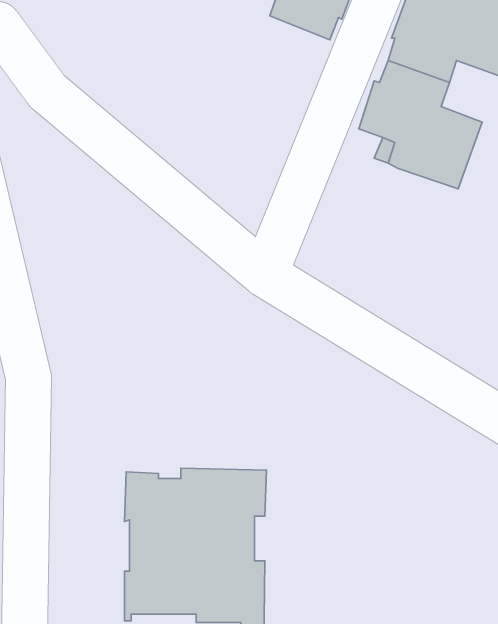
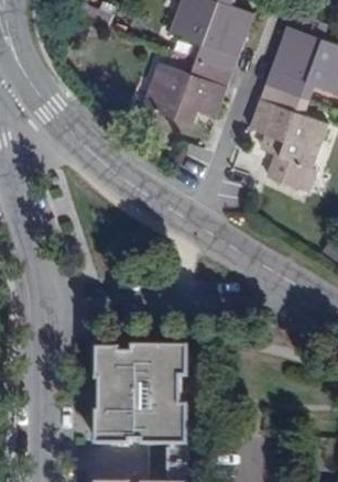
building: none -> [140,56,228,122]
building: none -> [263,154,313,191]

